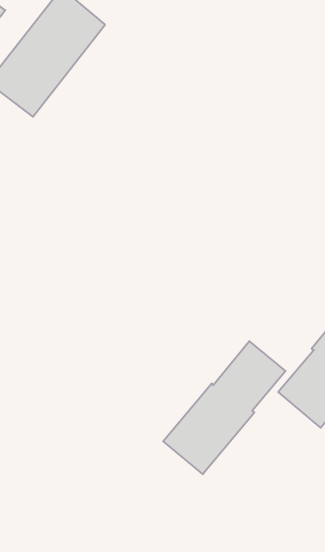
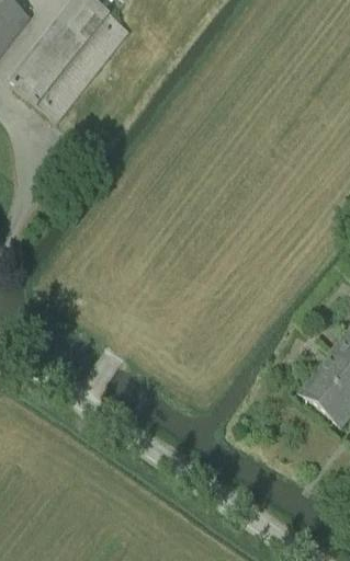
building: [163,341,286,474] -> none

